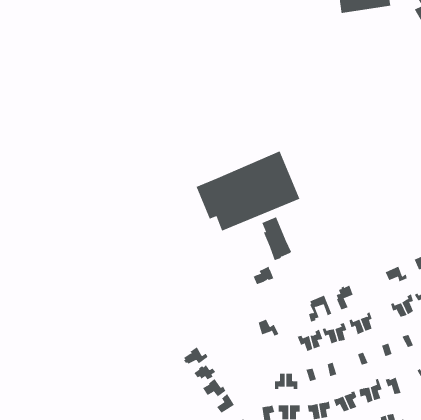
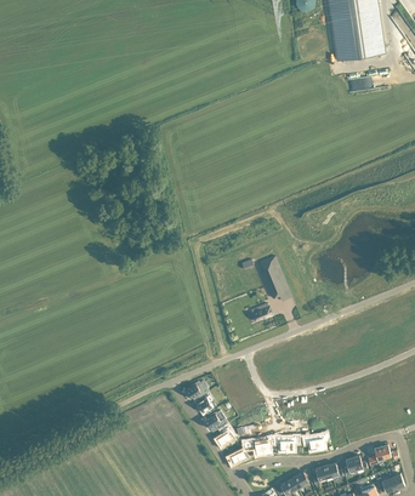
building: [196,150,300,232] -> none

